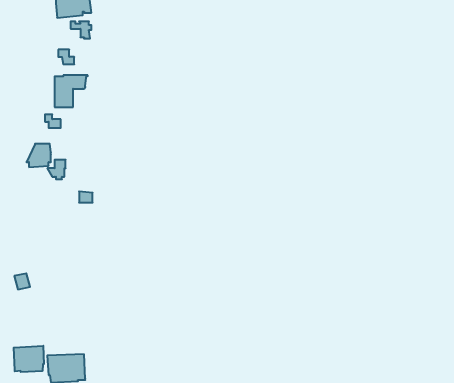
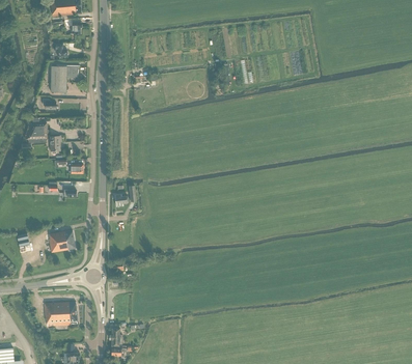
building: none -> [47,230,74,252]
building: [14,346,44,372] -> none

